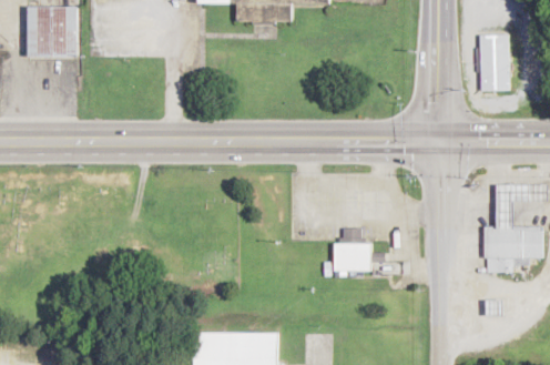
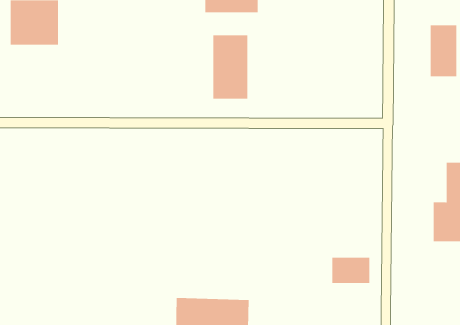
building: none -> [213,34,248,100]
building: [329,243,371,272] -> [331,257,370,284]

